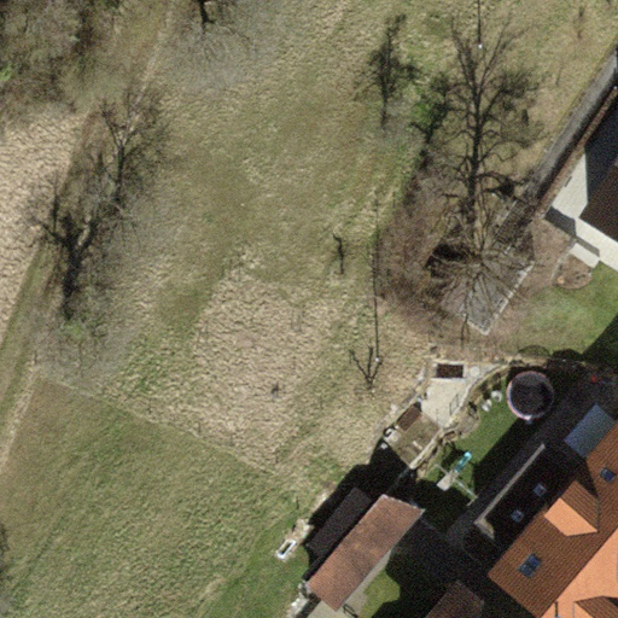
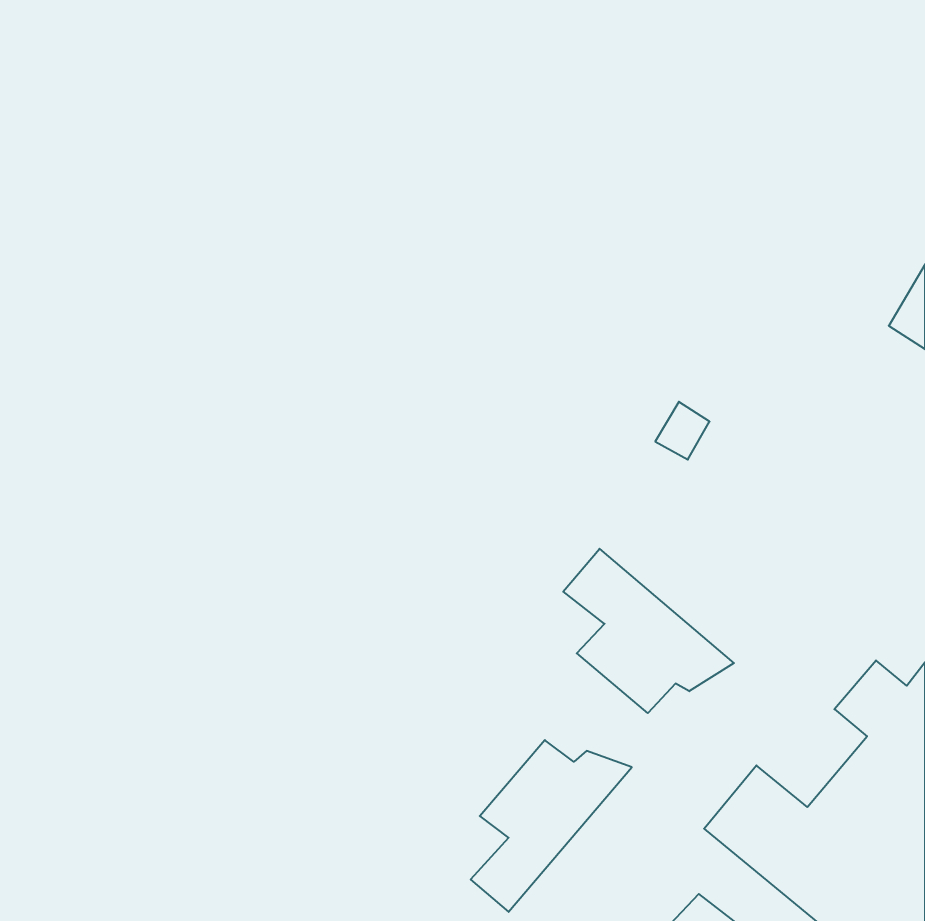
building: none -> [563,549,734,713]

